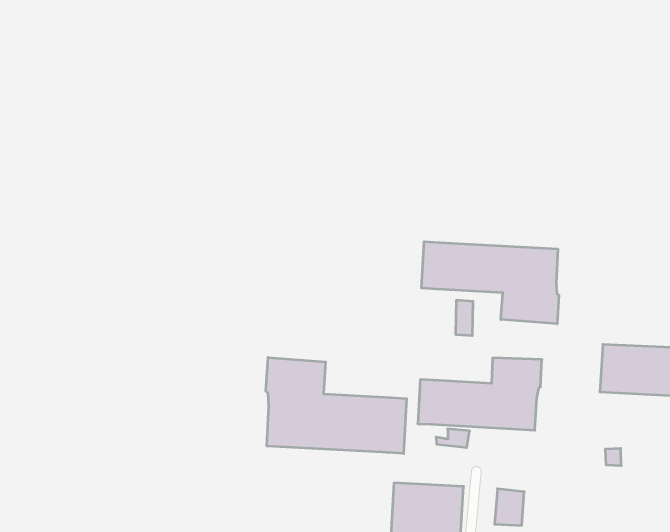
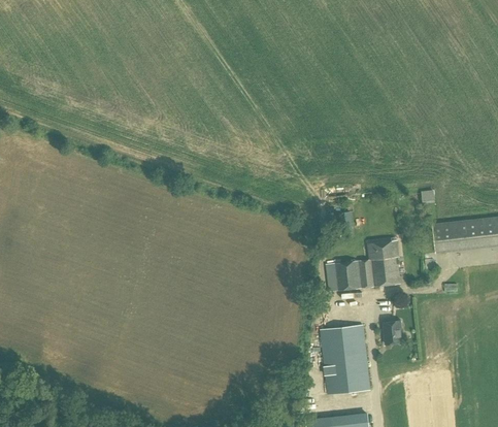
building: [422,242,559,324] -> none
building: [266,357,407,454] -> none

